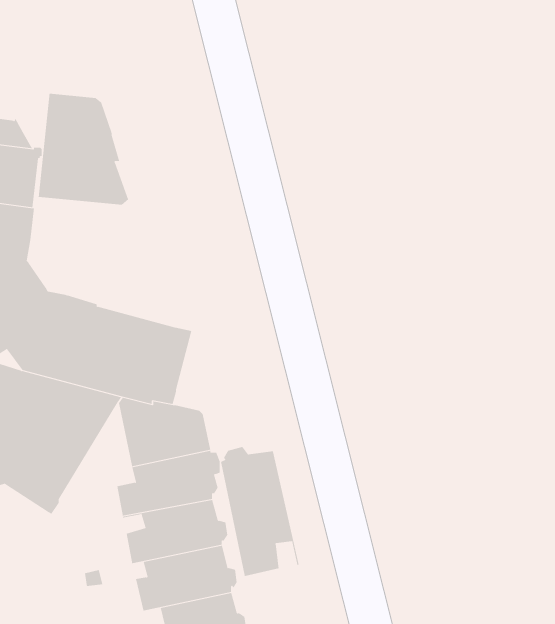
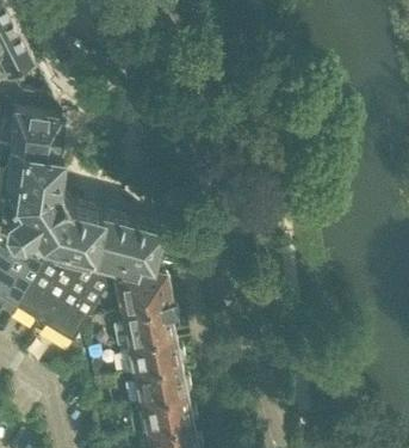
building: [38,93,129,205] -> none
building: [221,446,299,577] -> none

